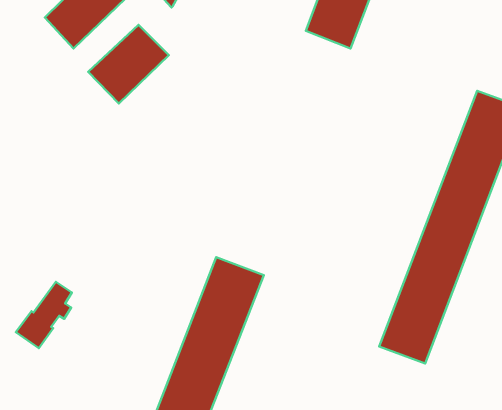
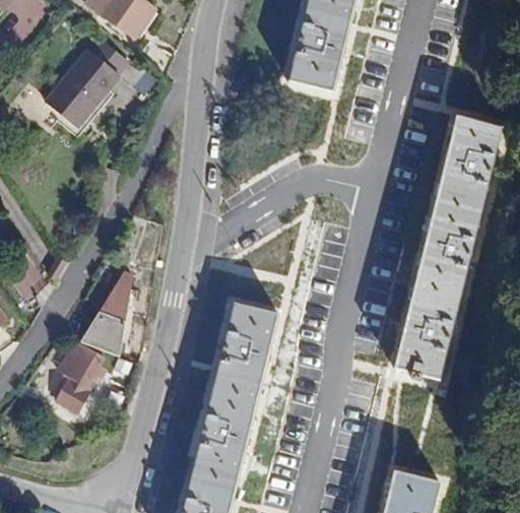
building: [88,25,169,104] -> none
building: none -> [78,270,130,355]

